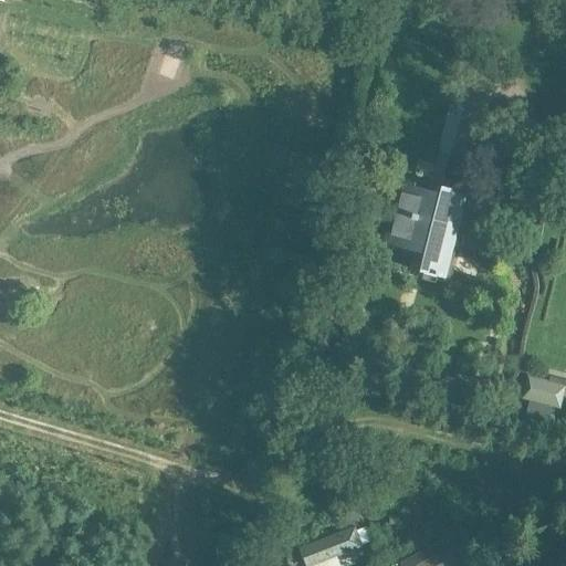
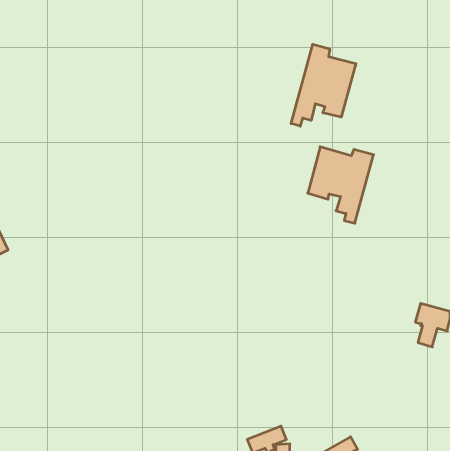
building: none -> [291,44,356,126]

